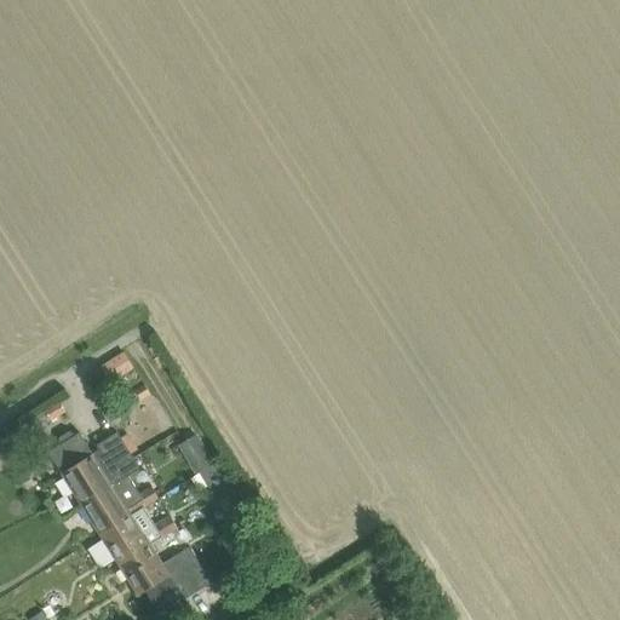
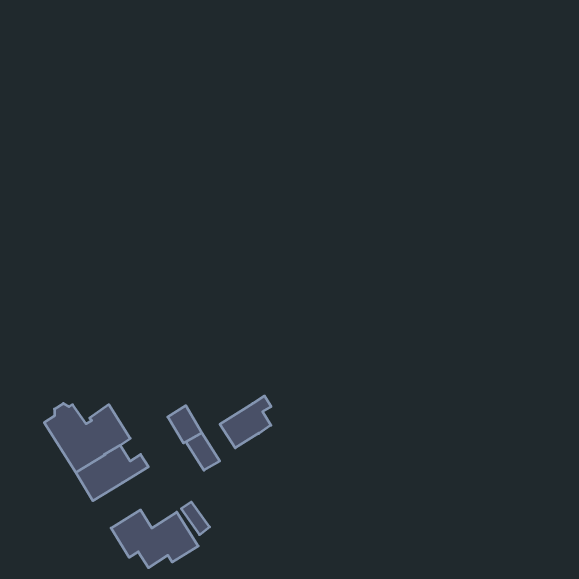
building: none -> [220,396,271,448]
building: [99,509,177,564] -> none

